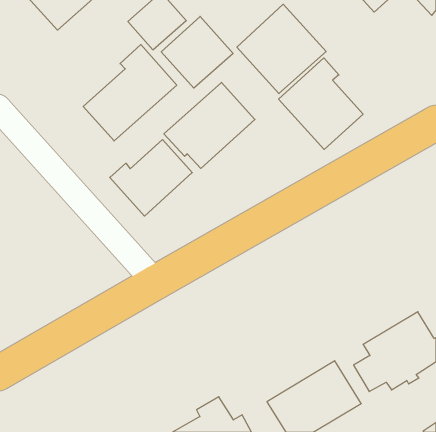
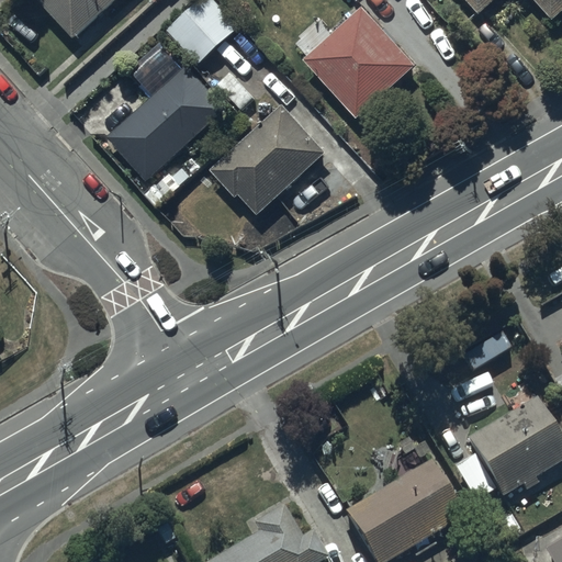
building: [161,16,233,88] -> none
building: [279,58,363,149] -> none
building: [110,140,192,216] -> none

